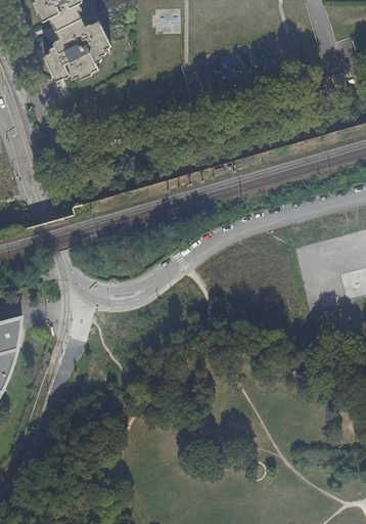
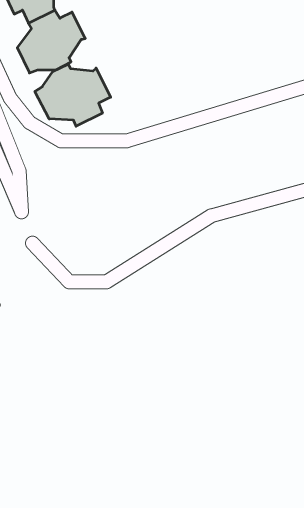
building: none -> [35,64,111,126]

